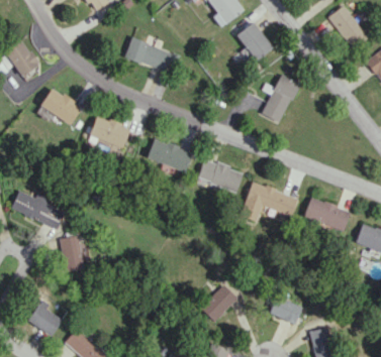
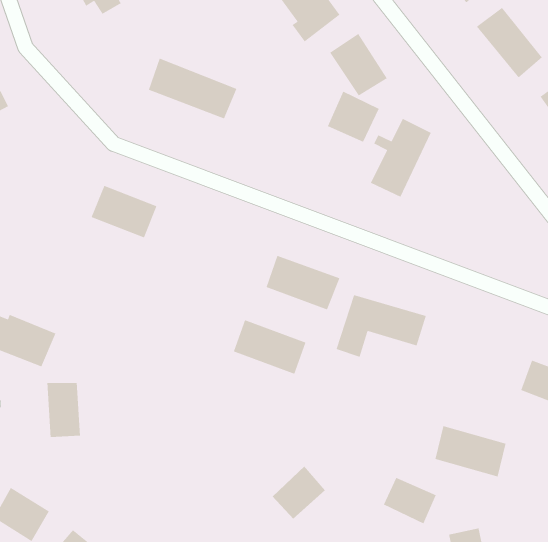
building: none -> [327,90,380,143]
building: [39,88,82,125] -> none
building: [147,138,192,172] -> [233,319,306,375]
building: [304,198,349,230] -> [435,425,506,478]

